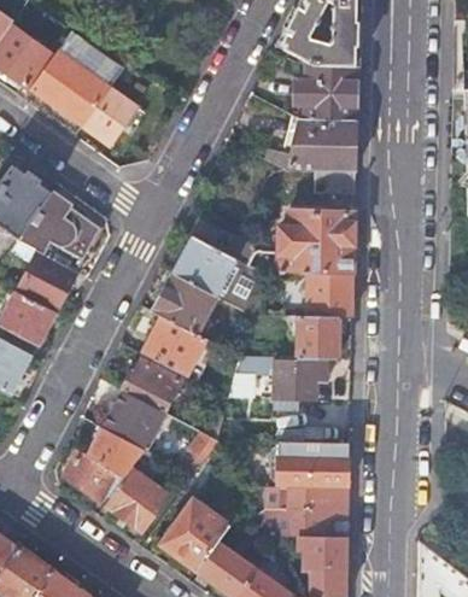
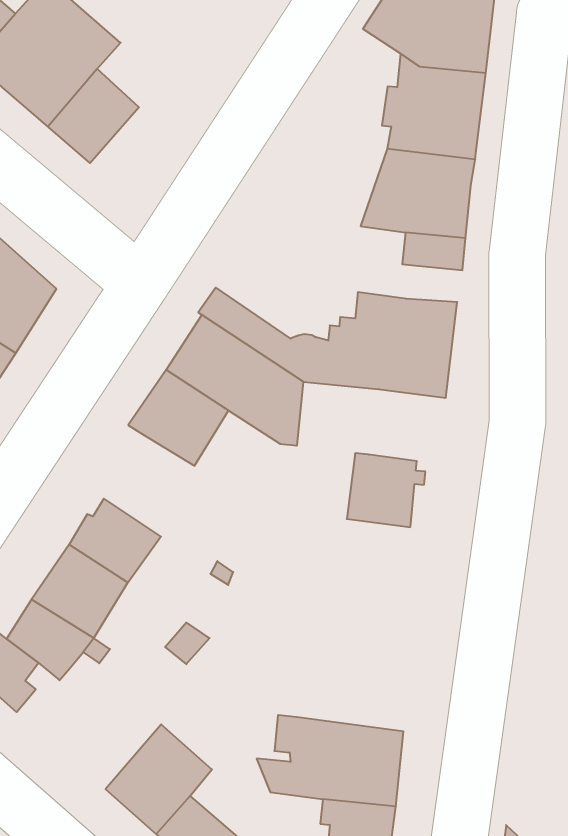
building: [302,271,352,315] -> none
building: [142,315,206,375] -> none
building: [273,359,327,397] -> none
building: [277,440,347,487] -> none
building: [105,468,170,532] -> none

